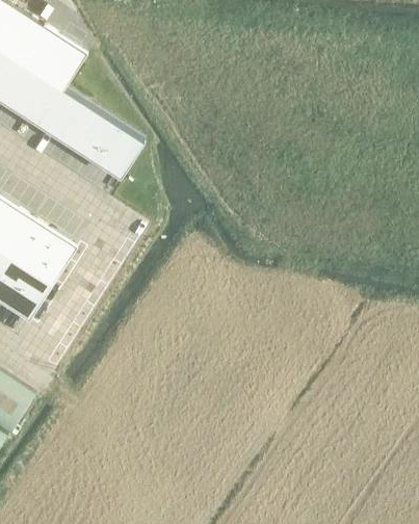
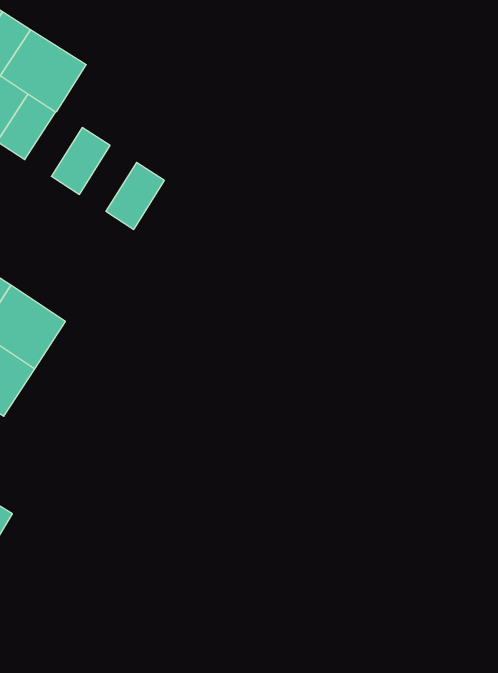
building: [41,89,83,138] -> none
building: [81,115,124,164] -> none

